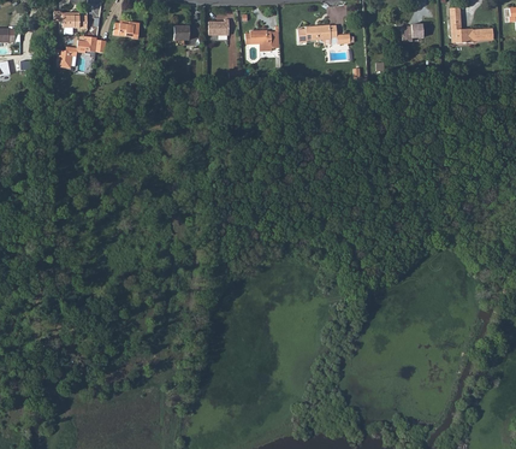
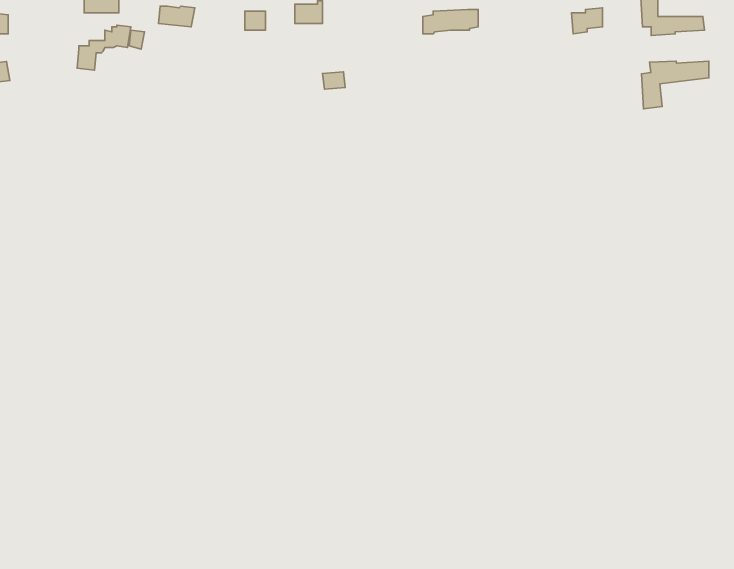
building: [245,29,280,51] -> none
building: none -> [641,61,709,109]

